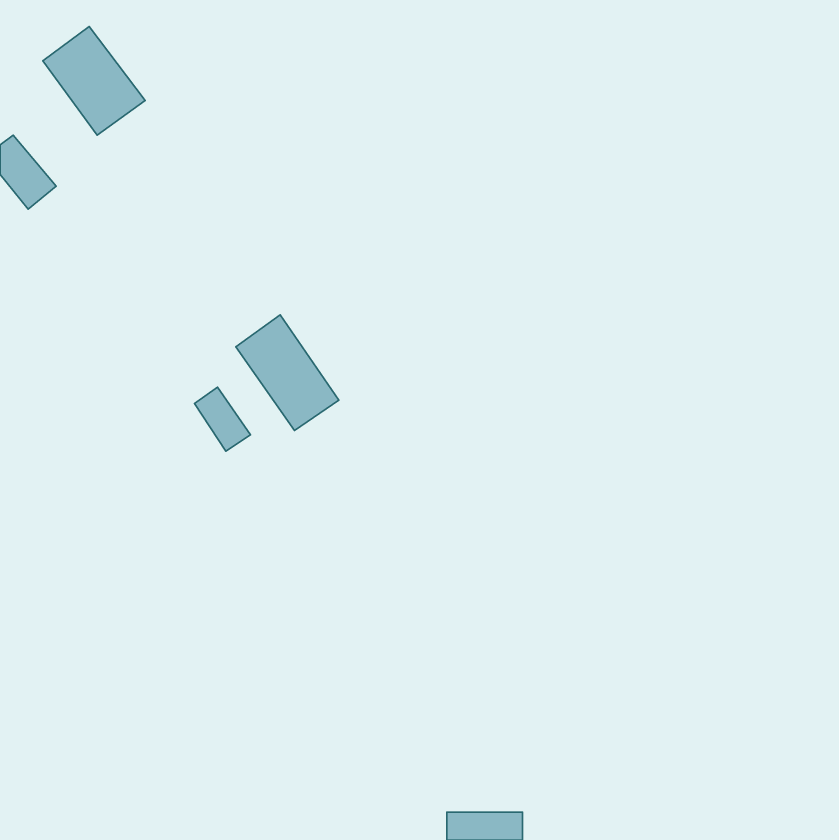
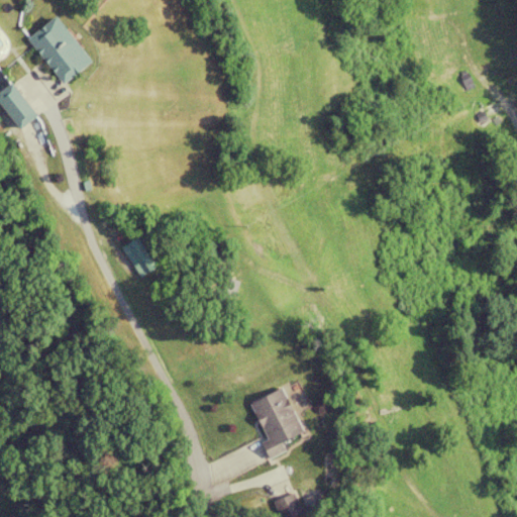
building: [236,315,339,431] -> none
building: none -> [249,388,301,459]

